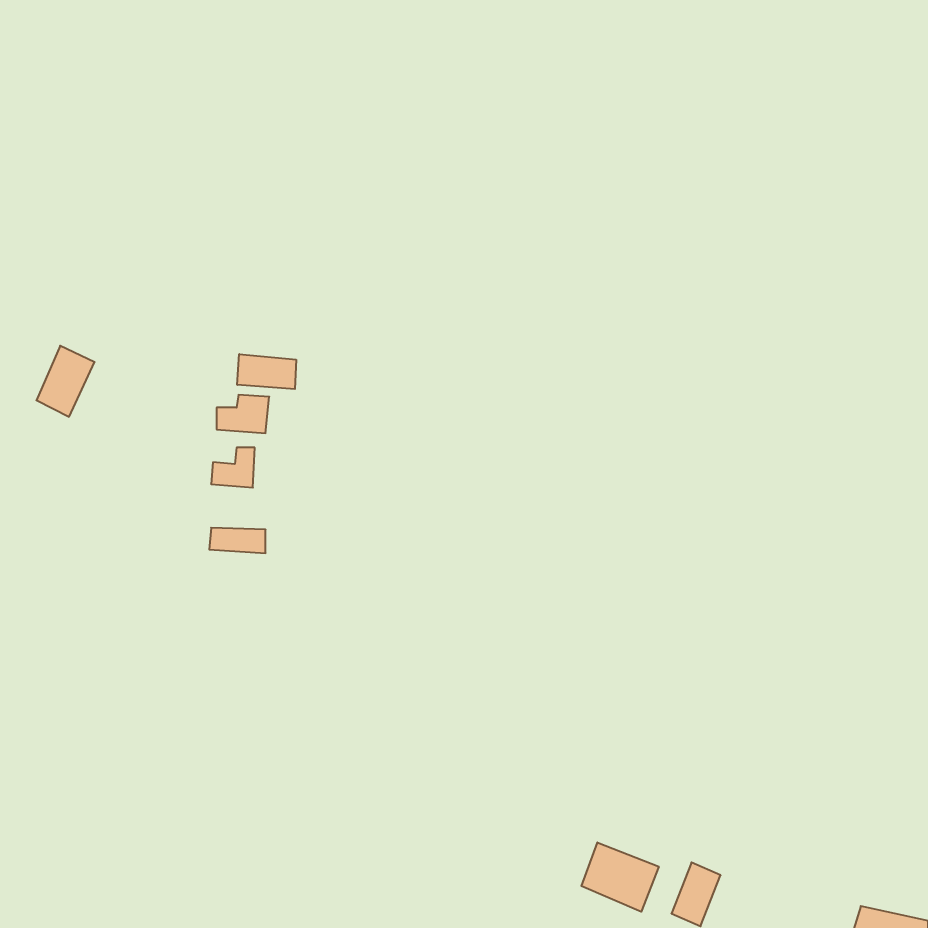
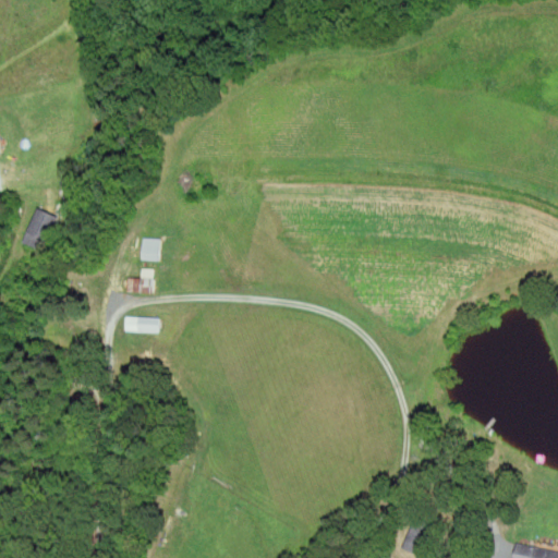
building: [237,354,296,389] -> none
building: [581,842,659,912] -> none

